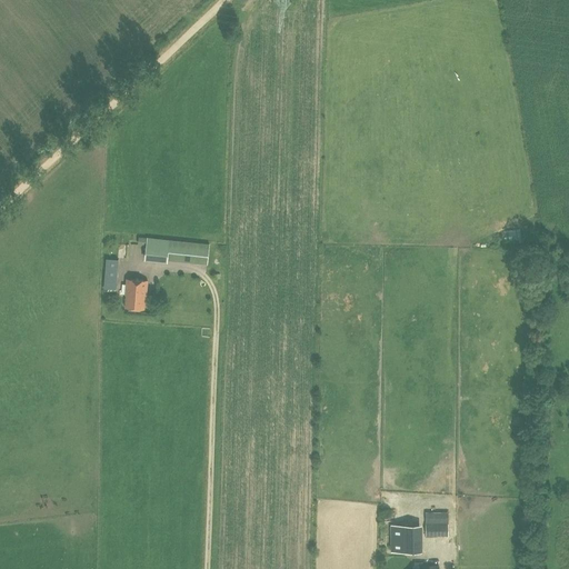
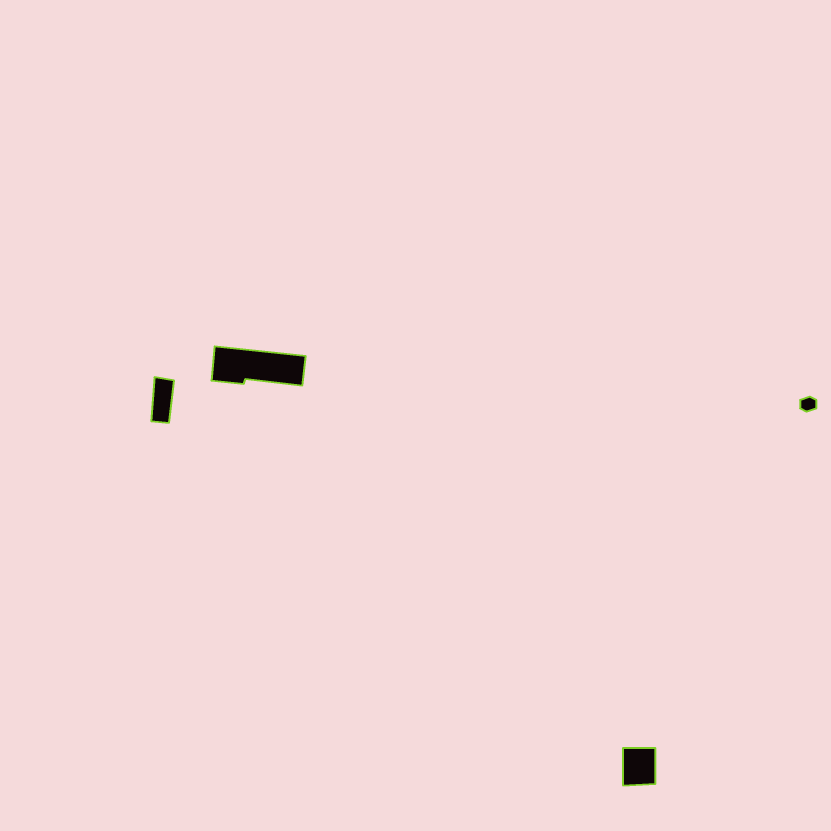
building: [126,278,147,309] -> none
building: [391,525,419,551] -> none

